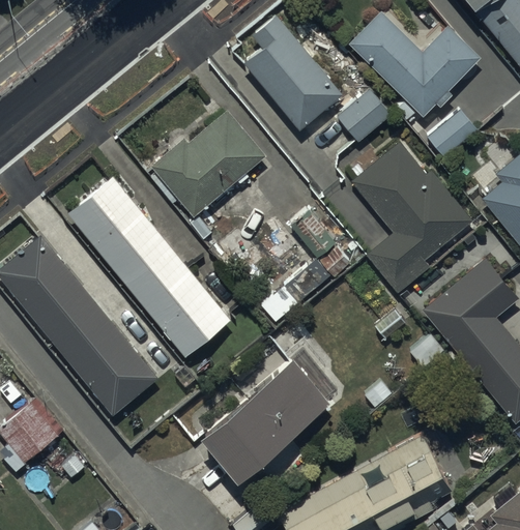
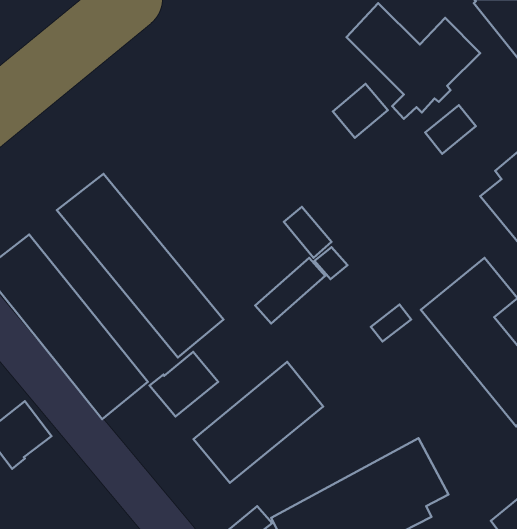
building: [242,16,342,130] -> none
building: [151,111,265,217] -> none
building: [351,144,473,294] -> none
building: none -> [149,352,218,416]

